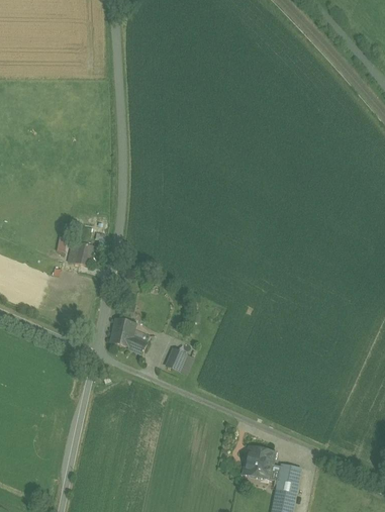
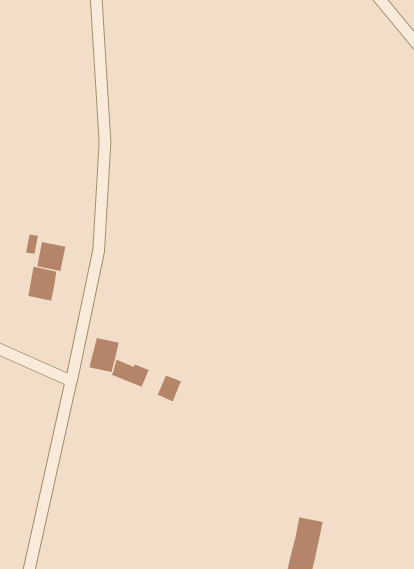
building: none -> [28,266,57,302]
building: [243,445,281,480] -> none

